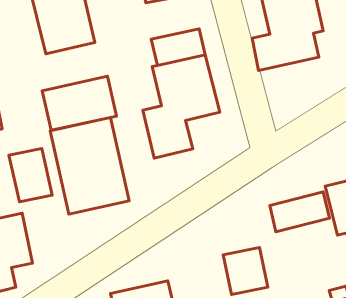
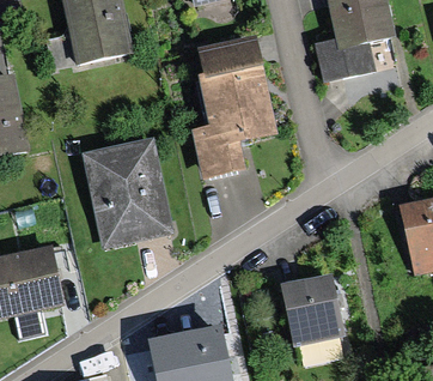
building: [42,76,116,130] -> none
building: [9,148,52,202] -> none
building: [270,192,329,232] -> none

